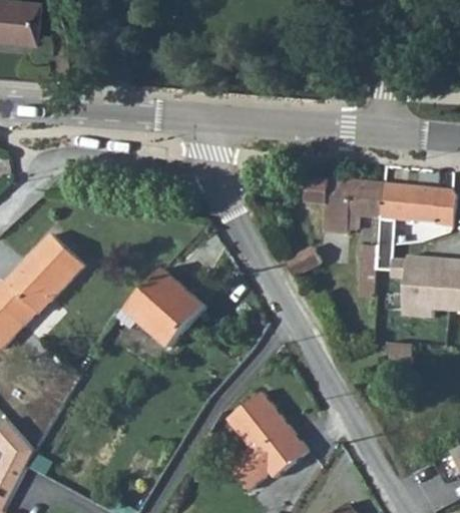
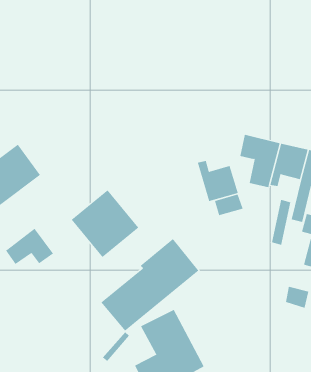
building: none -> [197,160,238,202]
building: none -> [101,238,199,331]
building: none -> [5,228,54,265]

